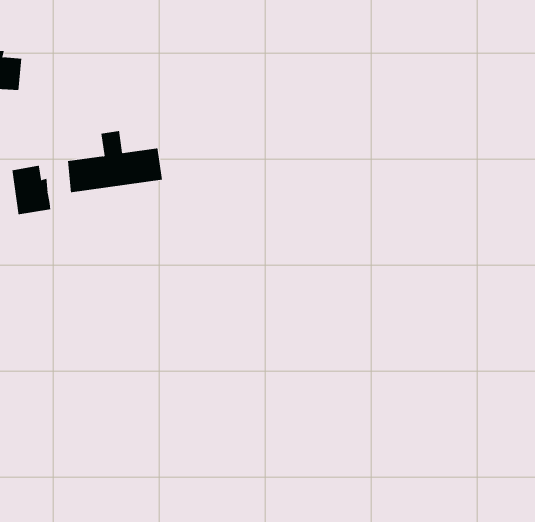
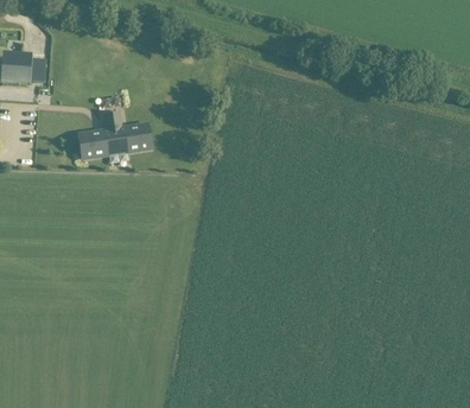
building: [12,165,51,215] -> none

